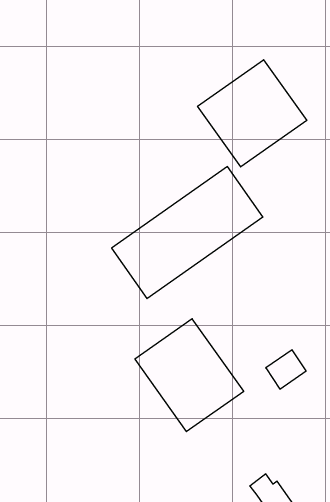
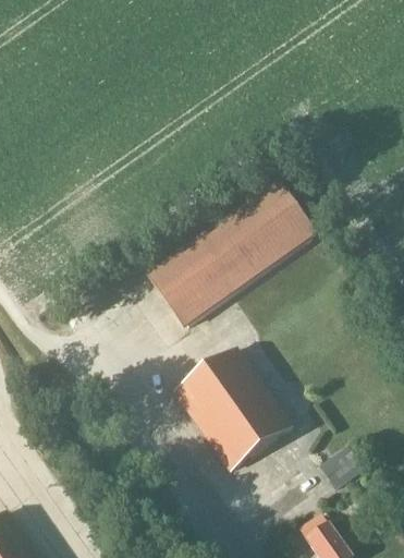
building: [198,60,307,167] -> none
building: [266,350,306,389] -> [319,445,363,487]

